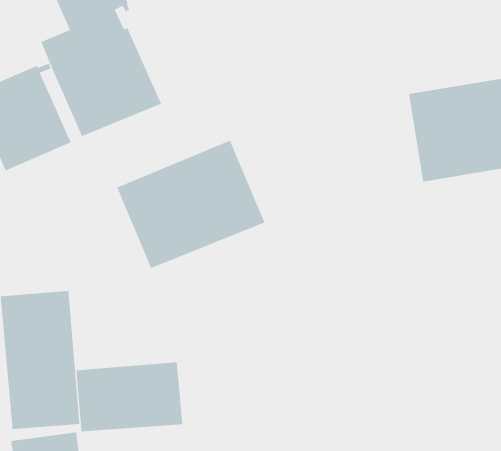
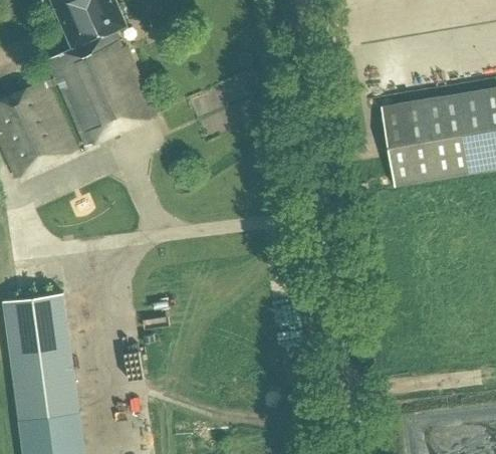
building: [117,140,265,269] -> none
building: [76,361,183,432] -> none

